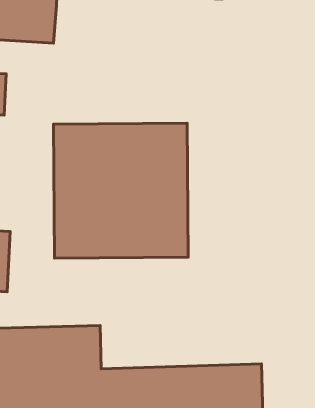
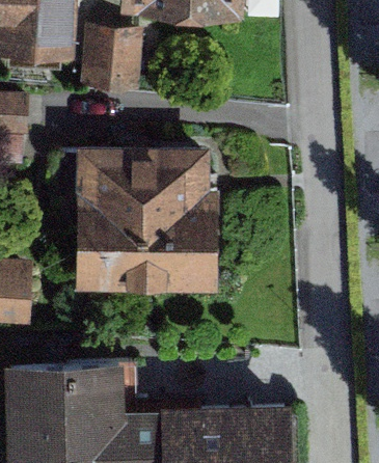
building: none -> [75,25,142,96]

